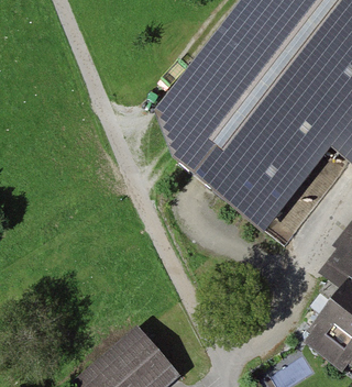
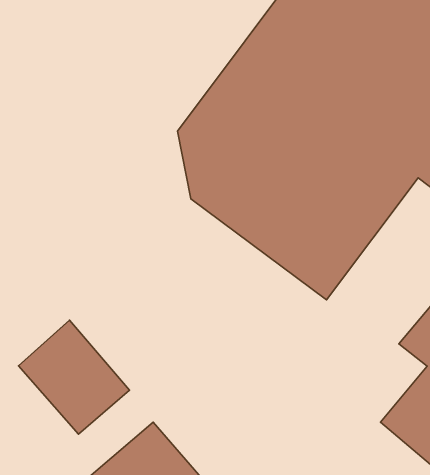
building: none -> [18,320,130,434]

